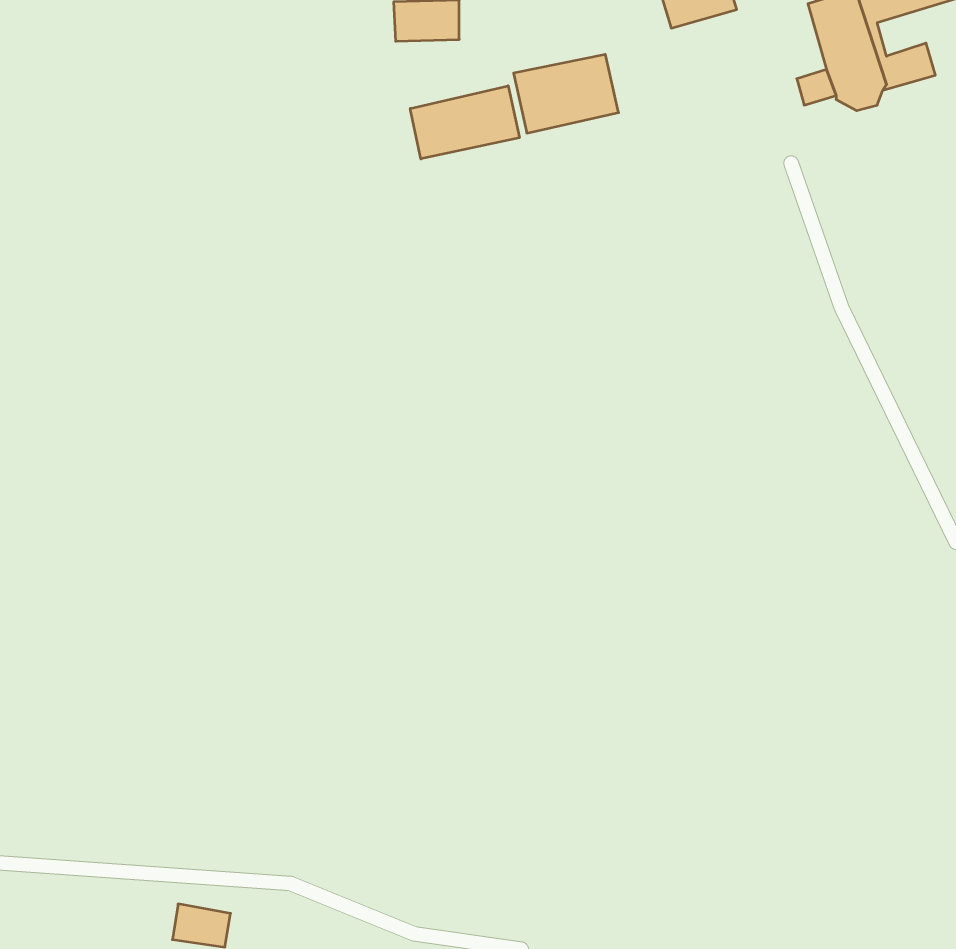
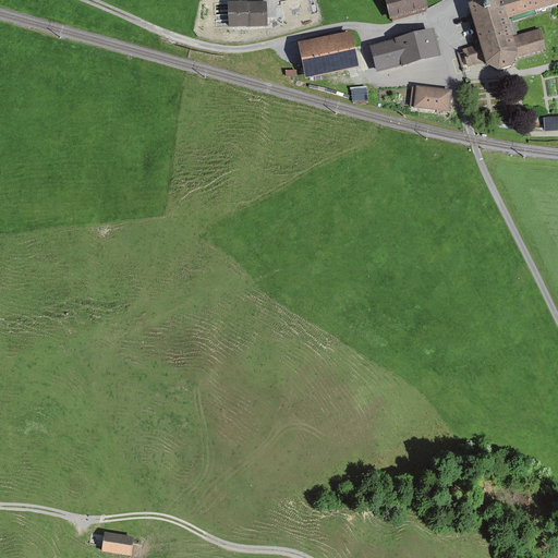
building: none -> [371,29,439,71]
building: [410,86,519,159] -> none
building: none -> [410,84,451,111]

